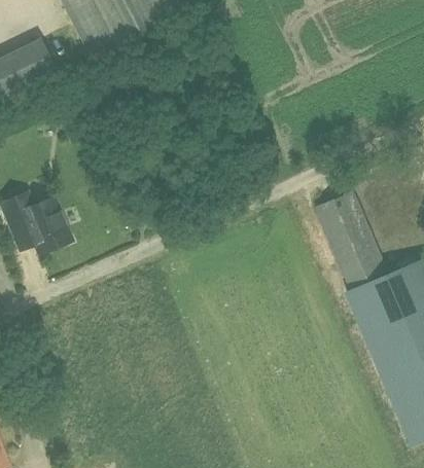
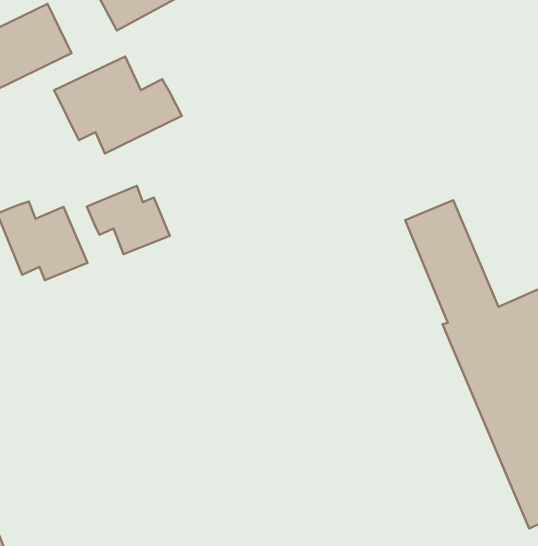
building: none -> [54,57,182,153]
building: none -> [87,186,170,254]

